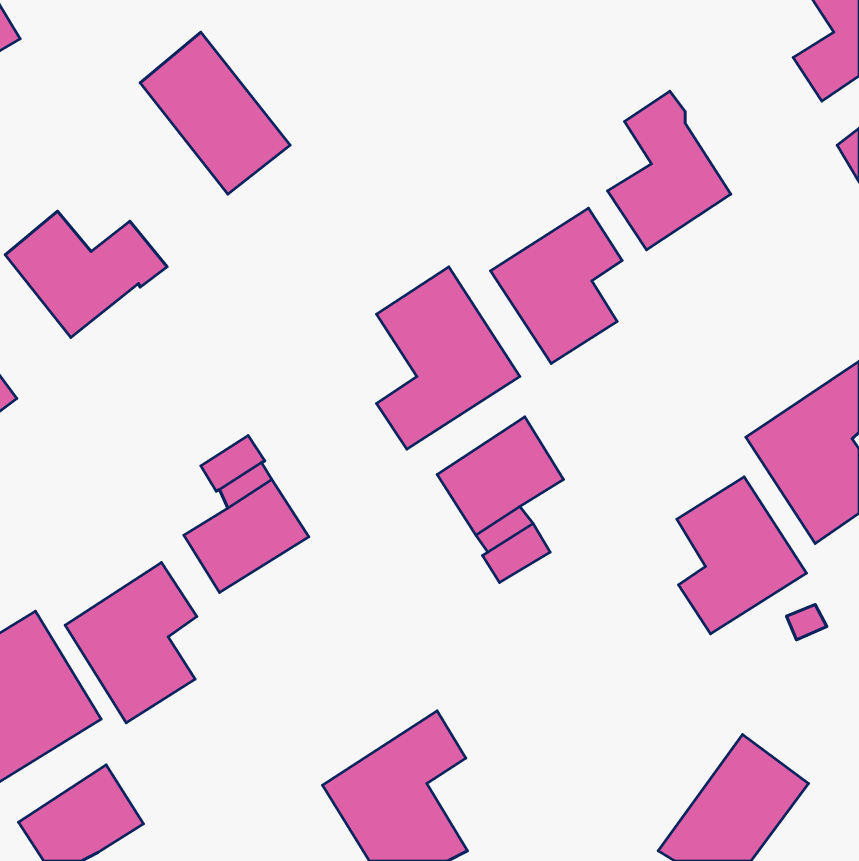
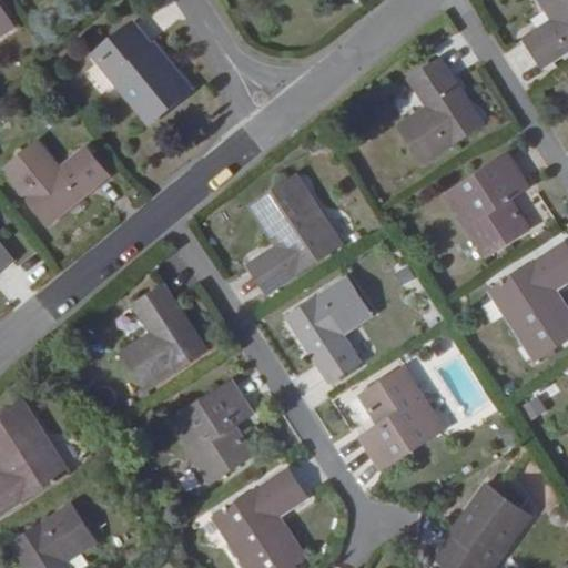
building: [490,208,622,364] -> [444,152,530,254]
building: [677,477,807,634] -> [358,365,444,468]
building: [65,563,197,723] -> [168,378,254,484]

